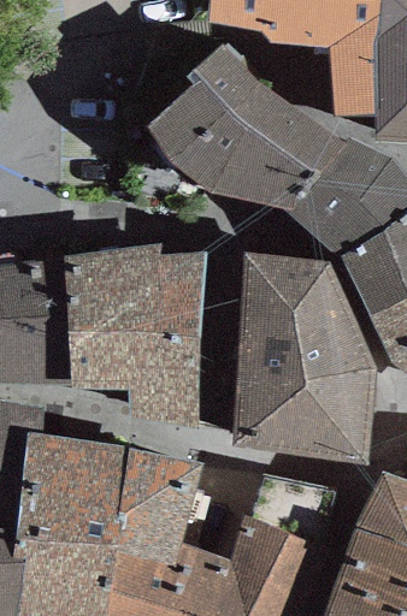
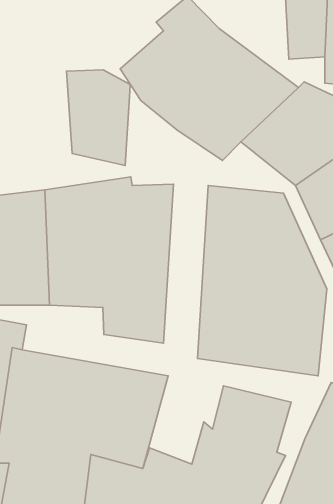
building: none -> [66,70,130,166]

